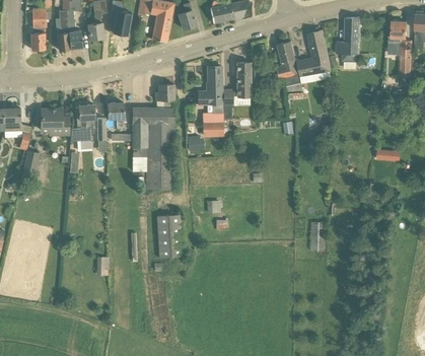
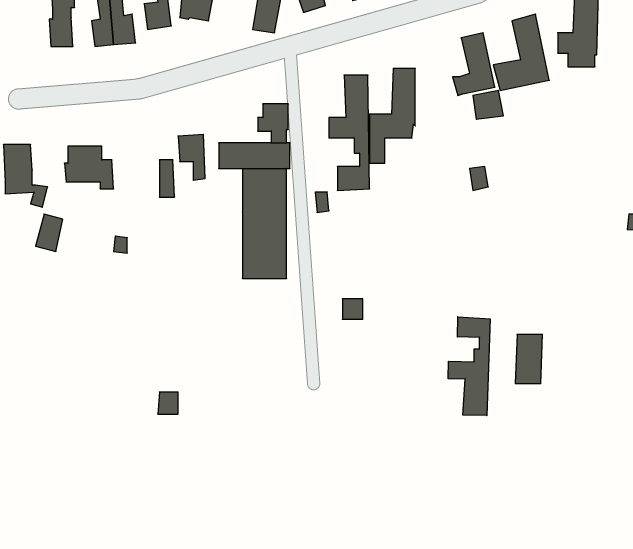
building: [70,103,94,141] -> none
building: [132,122,146,148] -> none
building: none -> [448,317,490,416]
building: [155,213,184,257] -> none

